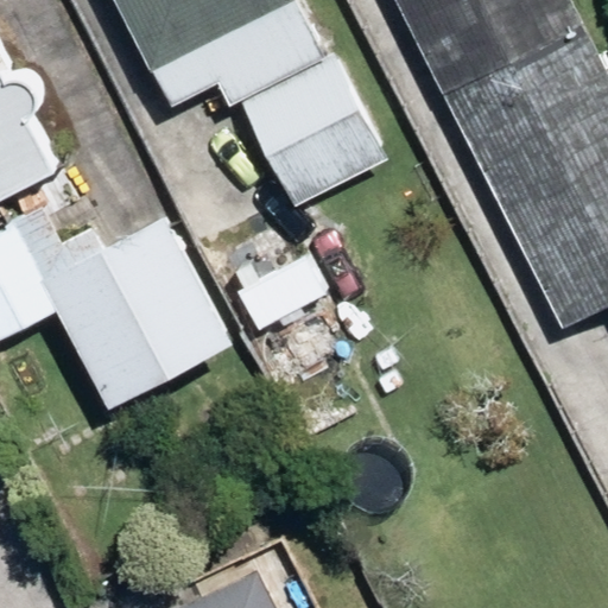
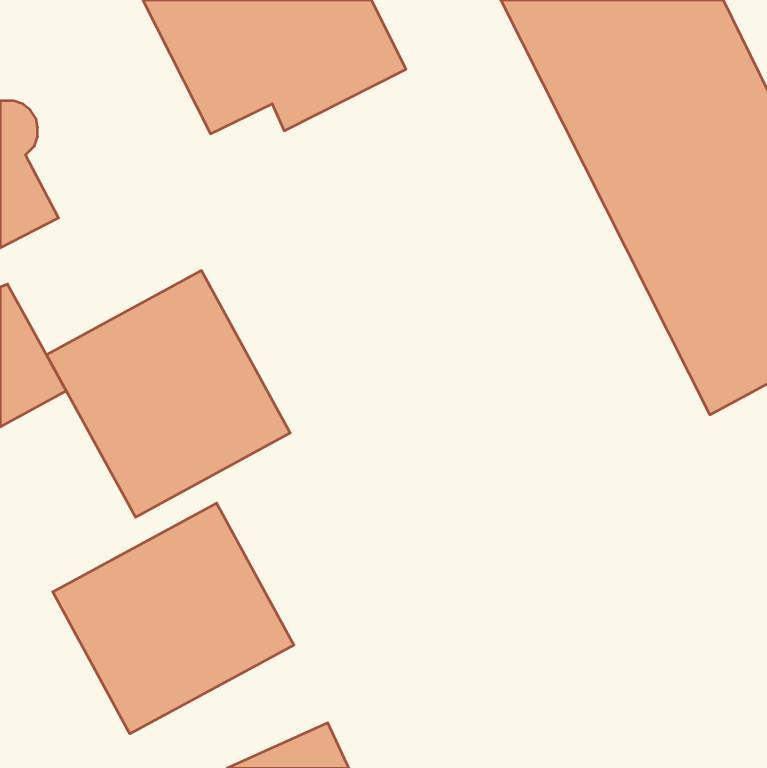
building: [241,58,385,205] -> none
building: none -> [53,503,294,734]

